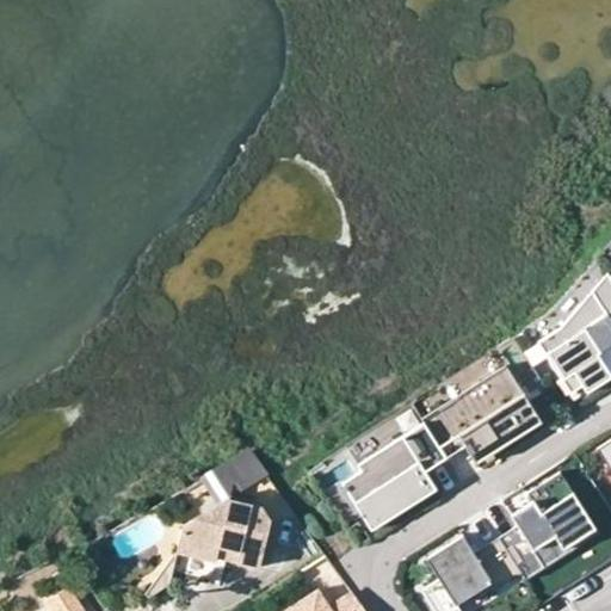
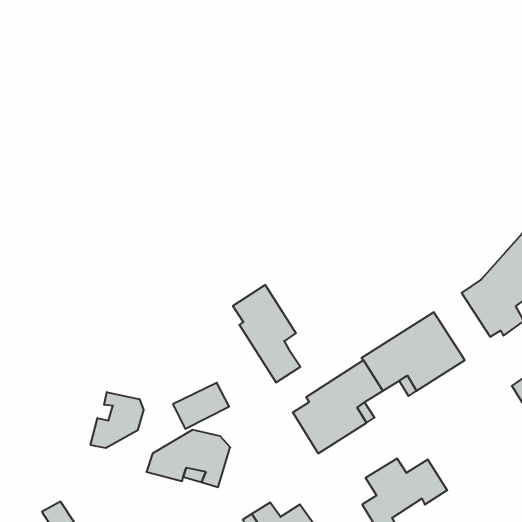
building: none -> [233,285,300,383]
building: none -> [91,392,144,448]
building: [500,473,599,579] -> none

